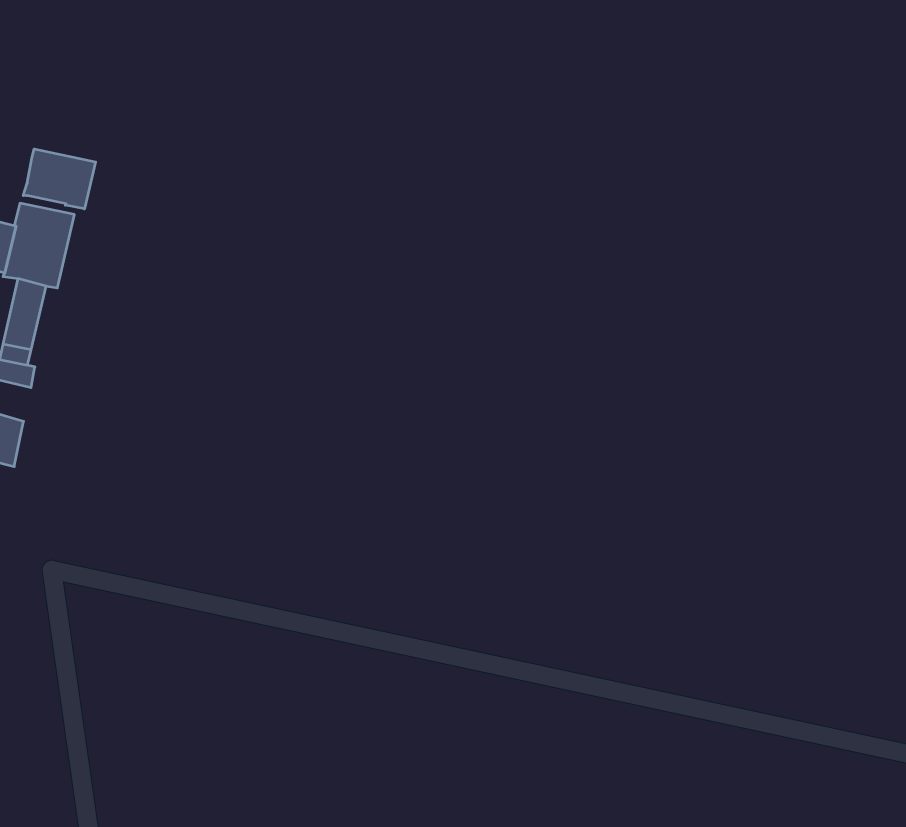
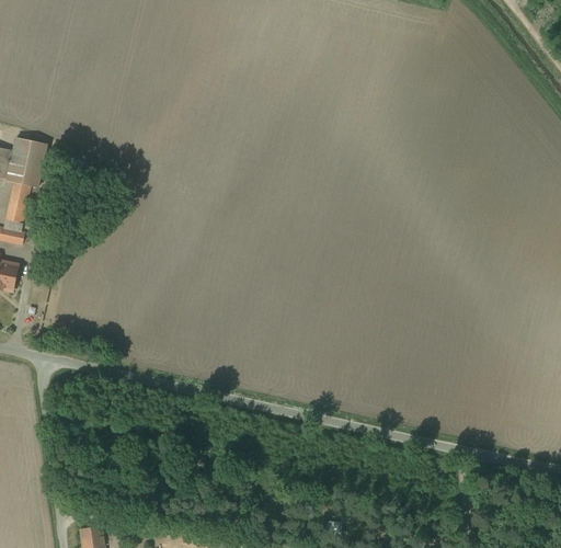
building: [23,149,96,209] -> none

